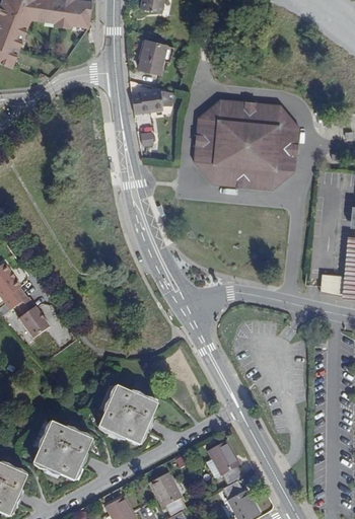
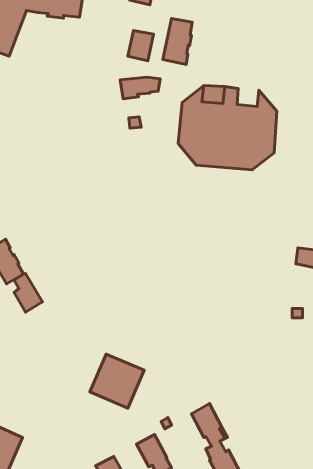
building: none -> [163,18,192,64]
building: [256,101,279,121] -> none
building: [32,421,91,480] -> none

